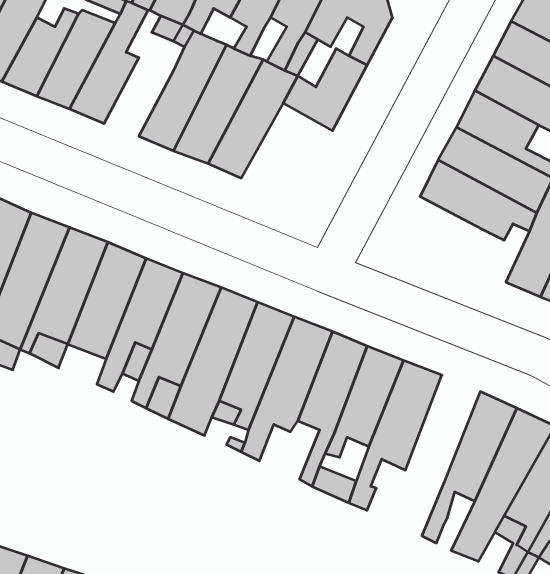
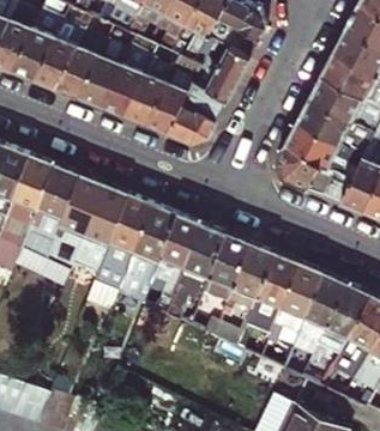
building: none -> [76,54,121,105]
building: none -> [165,84,225,141]
building: none -> [275,145,355,201]
building: none -> [266,262,322,345]

